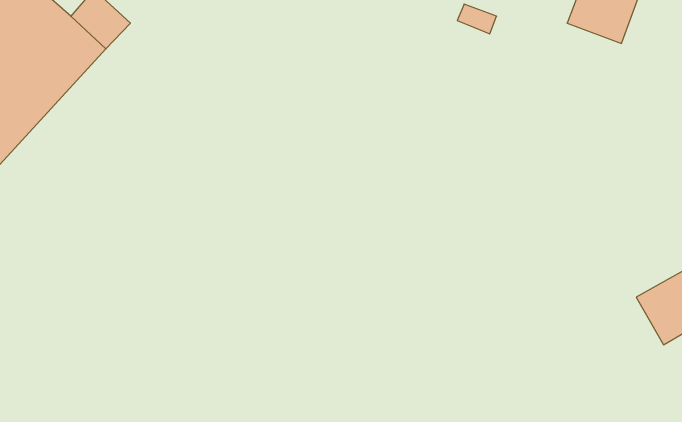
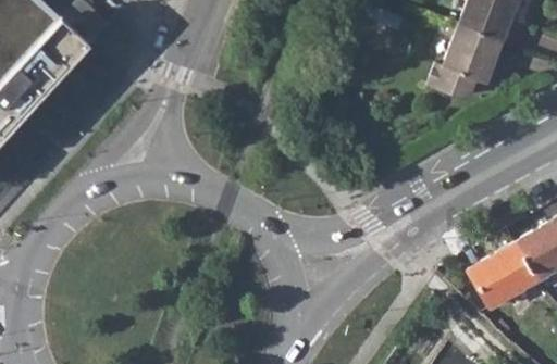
building: none -> [425,24,502,98]
building: none -> [468,243,535,307]

